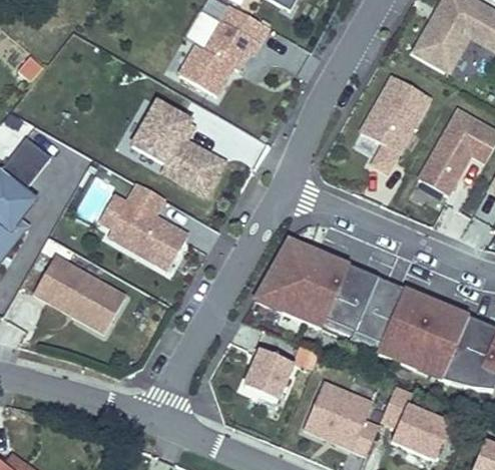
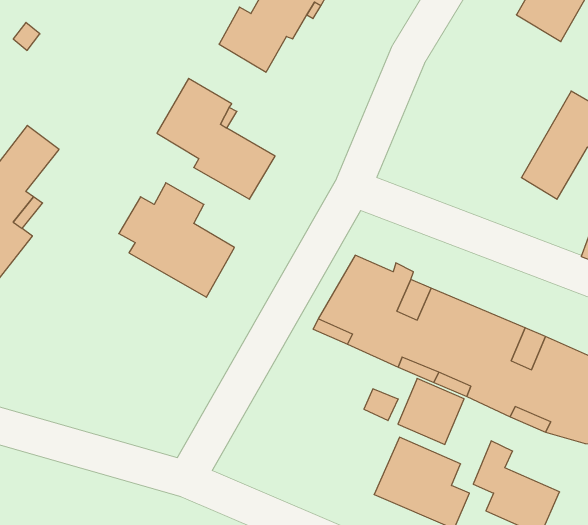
building: [360,76,432,175] -> none
building: [34,254,128,334] -> none
building: [243,347,296,399] -> [398,378,464,444]

